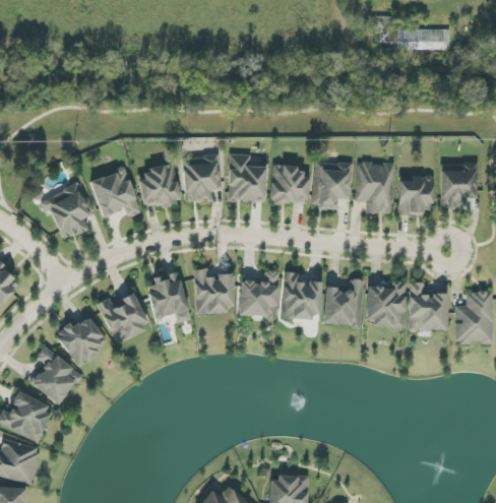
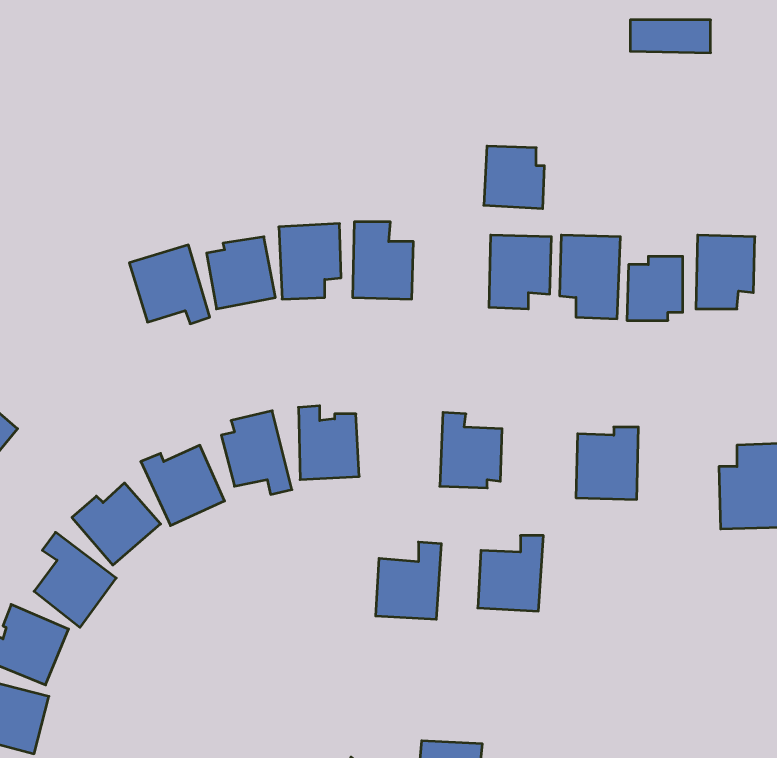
building: [270,166,308,204] -> [484,146,544,209]
building: [39,183,94,240] -> none
building: [238,270,278,318] -> [376,542,441,619]
building: [322,279,363,326] -> [478,536,543,611]
building: [408,282,446,330] -> none

